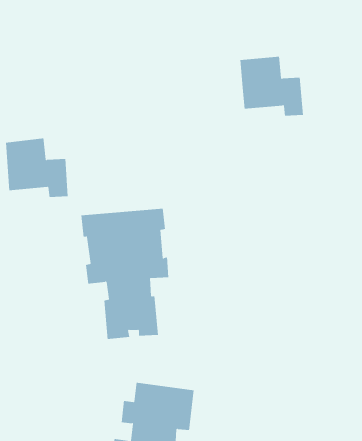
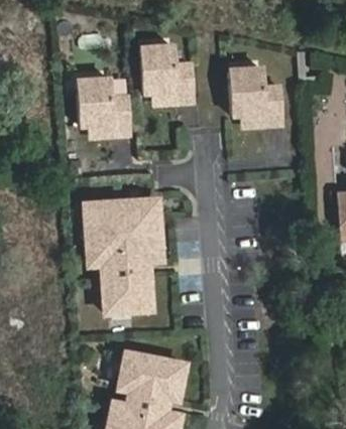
building: none -> [136,47,193,100]
building: [5,138,68,198] -> [74,81,129,133]

